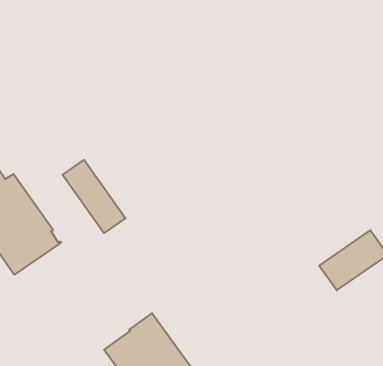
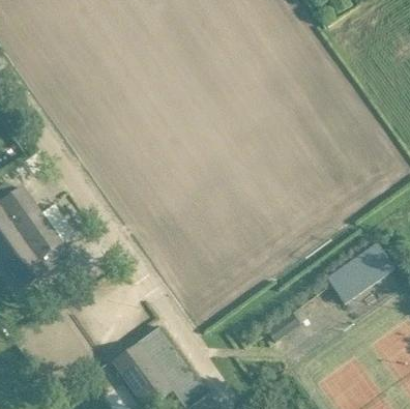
building: [63,160,125,233] -> none

